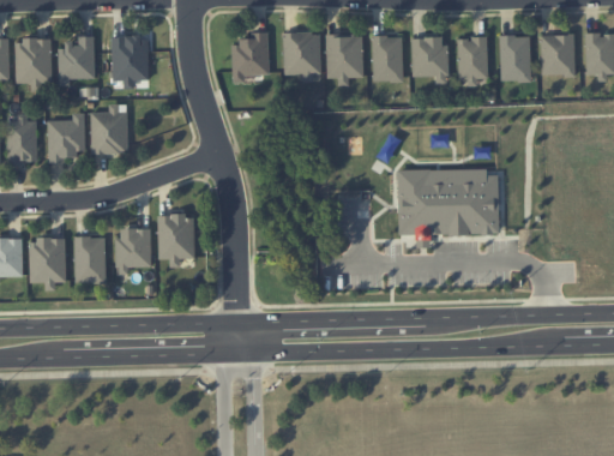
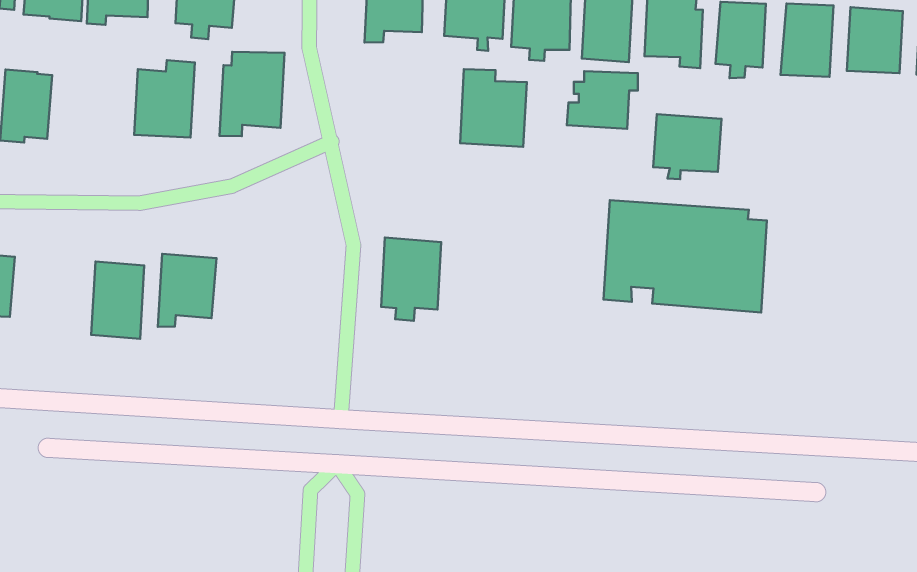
building: none -> [567,71,638,129]
building: none -> [220,52,285,136]
building: none -> [460,69,527,147]
building: [48,113,86,161] -> none
building: none -> [653,114,722,179]
building: [158,215,195,266] -> [381,237,441,321]
building: [30,238,66,290] -> none

